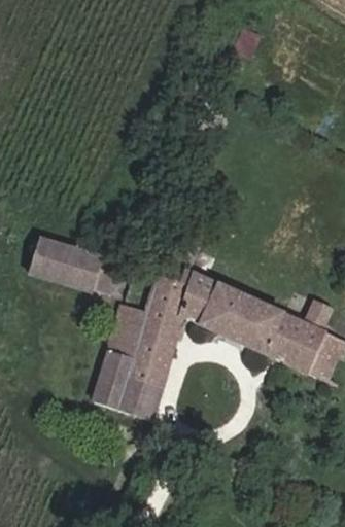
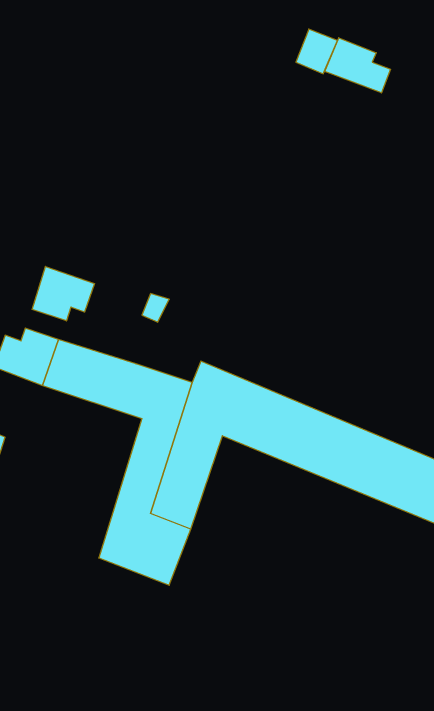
building: none -> [325,38,390,93]
building: none -> [32,266,95,321]

